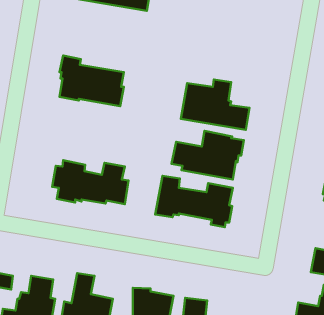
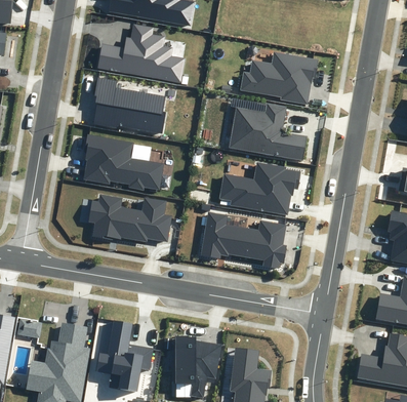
building: none -> [96,24,186,83]
building: none -> [239,51,318,104]
building: none -> [82,133,163,190]

